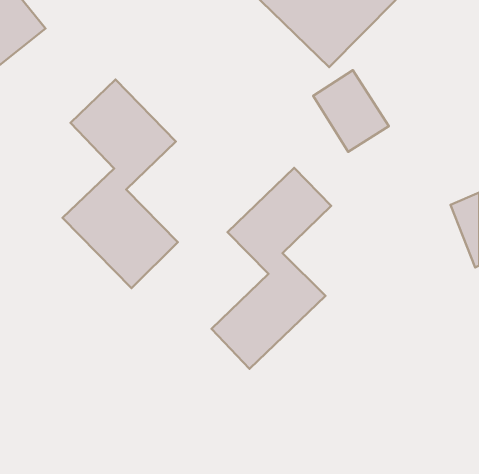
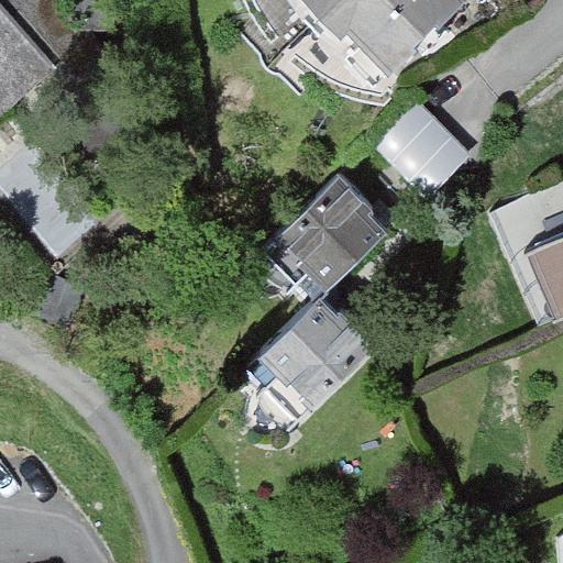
building: [62,79,178,288] -> none

